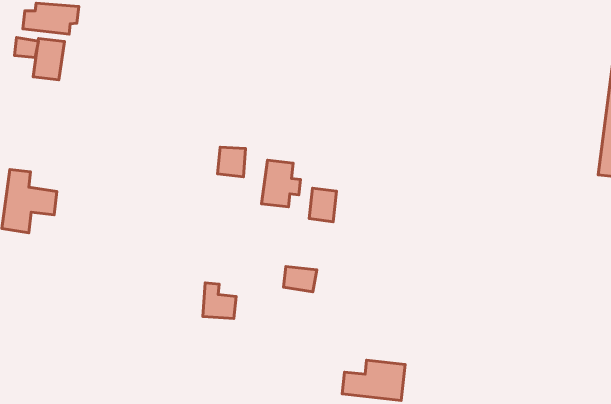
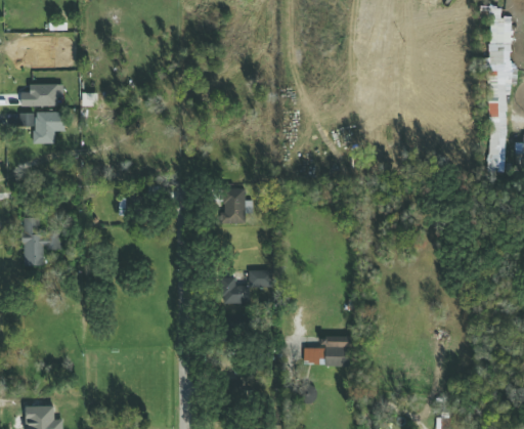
building: [217,147,246,177] -> none
building: [309,188,336,222] -> none
building: [203,283,236,318] -> [224,276,250,303]

